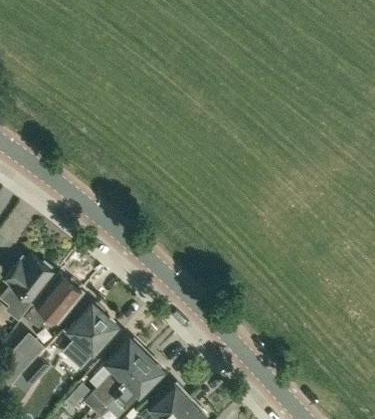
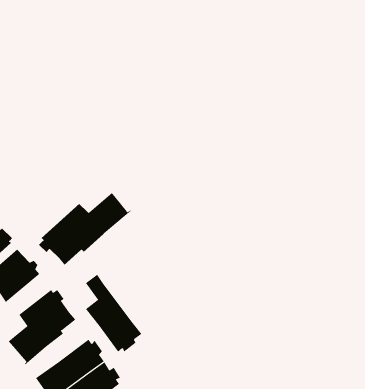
building: none -> [38,192,132,266]
building: none -> [85,274,142,352]

